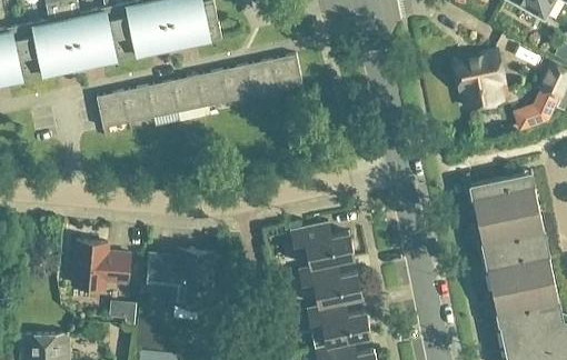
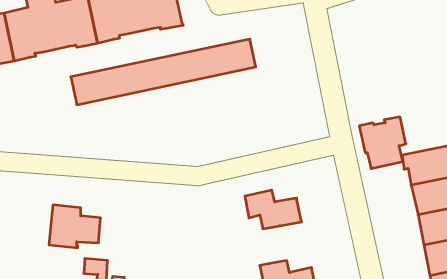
building: [452,51,505,109] -> [359,117,406,169]
building: [146,251,213,308] -> none
building: [298,264,361,307] -> none

